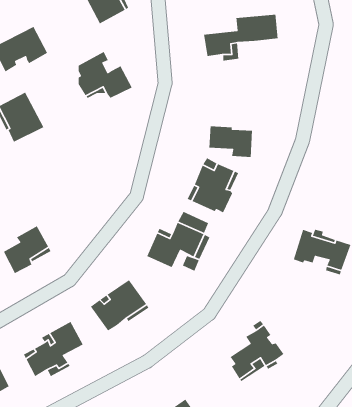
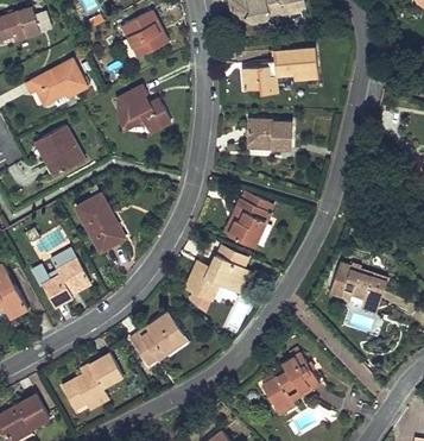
building: [209,126,253,158] -> [248,118,292,150]
building: none -> [76,194,122,251]

